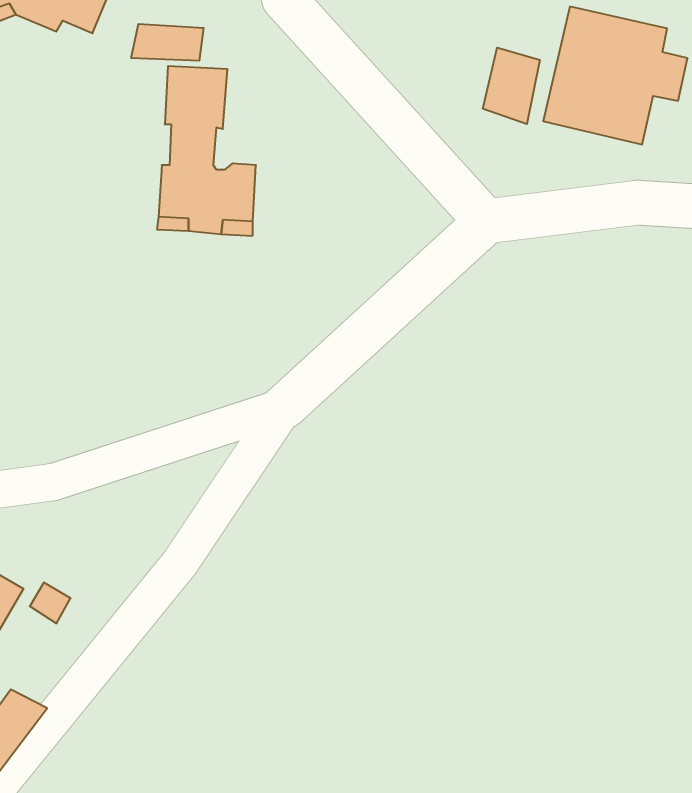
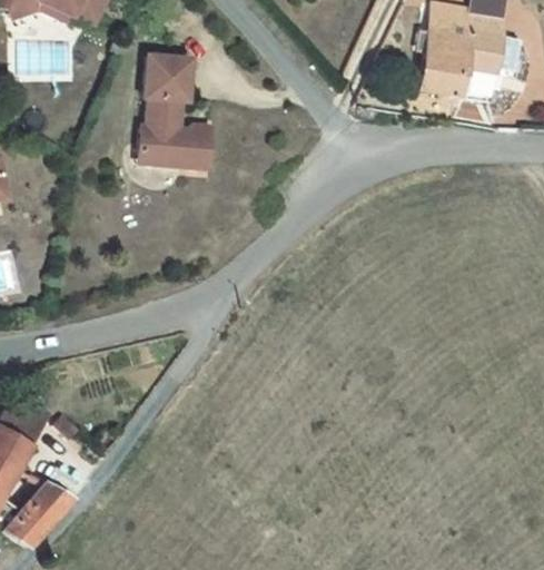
building: [131,24,204,61] -> none
building: [483,48,540,124] -> none

